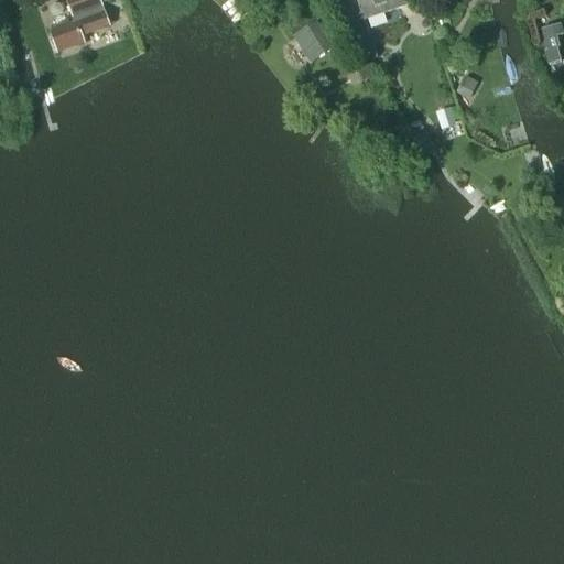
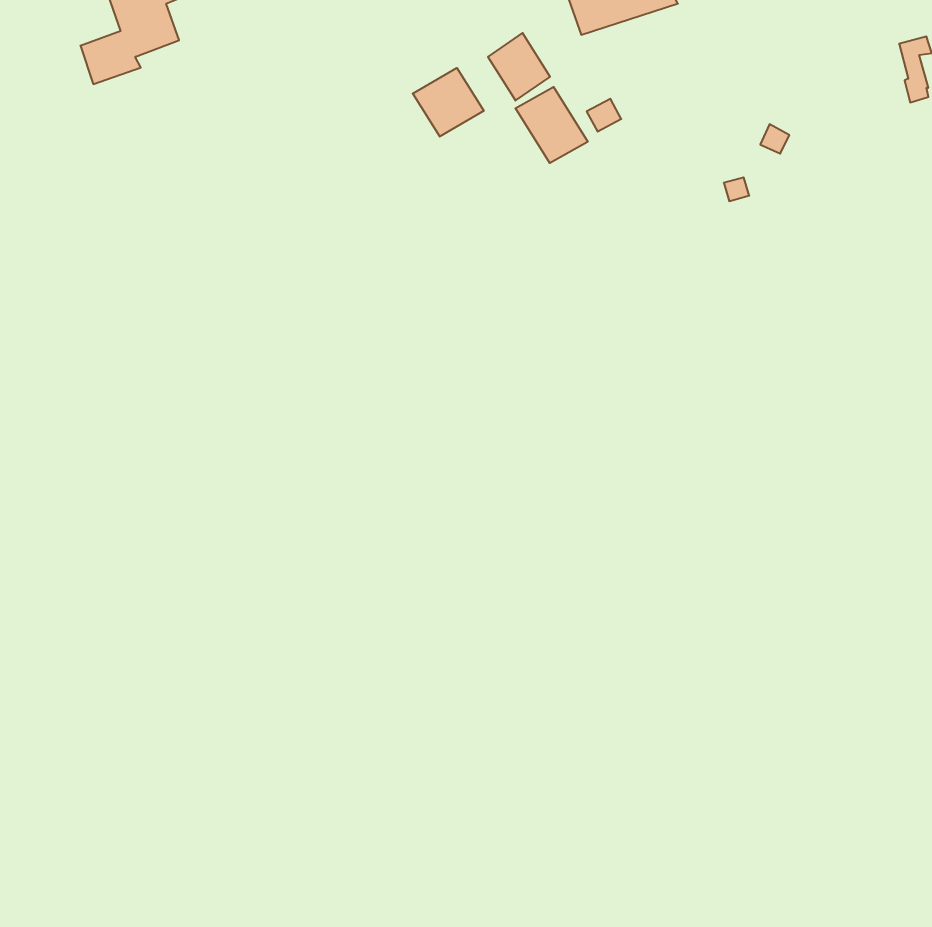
building: none -> [413,68,484,137]
building: none -> [515,87,588,163]

